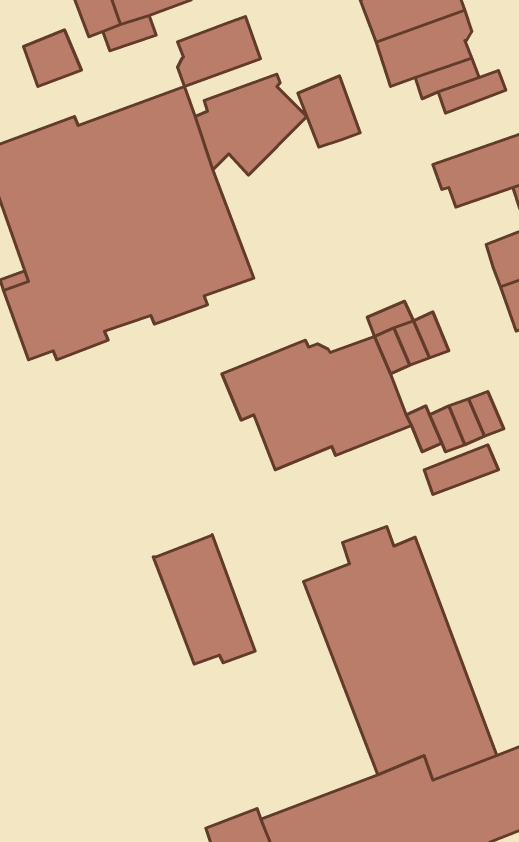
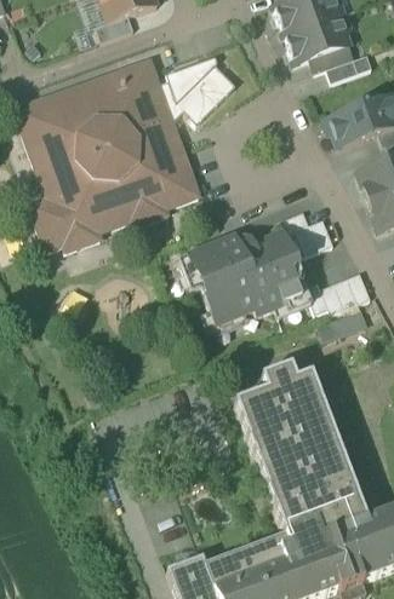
building: [177,16,261,86] -> none
building: [24,30,81,86] -> none
building: [298,76,360,147] -> none
building: [153,535,255,664] -> none

